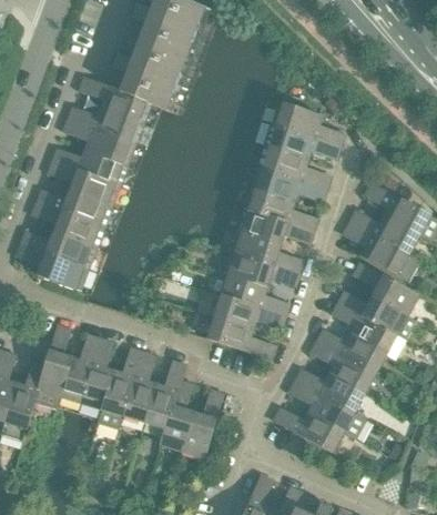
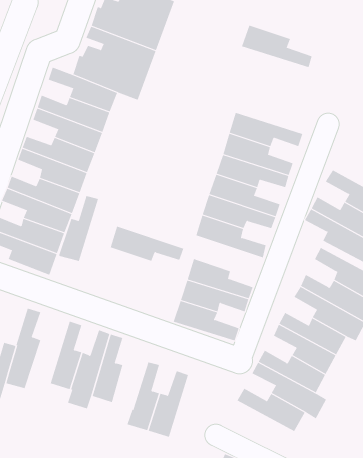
building: [271,101,344,145] -> [241,25,312,68]
building: [223,250,299,286] -> [110,226,184,261]
building: [54,334,100,408] -> [55,196,99,268]
building: [144,360,186,428] -> none

